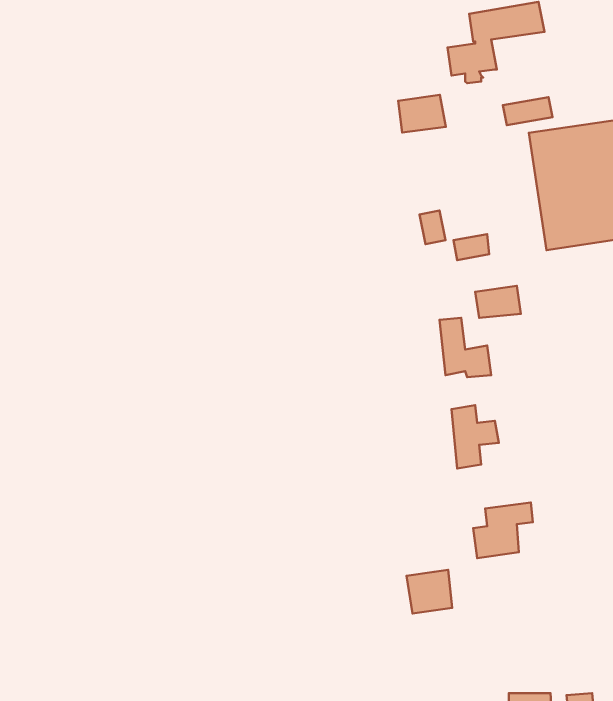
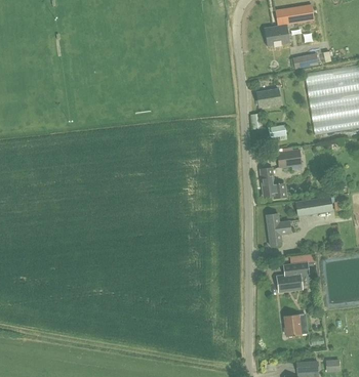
building: [398,95,446,133] -> [257,88,282,108]
building: none -> [295,195,333,216]
building: [407,570,452,614] -> [284,312,308,335]

